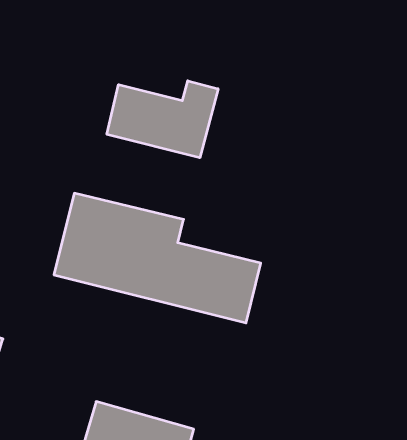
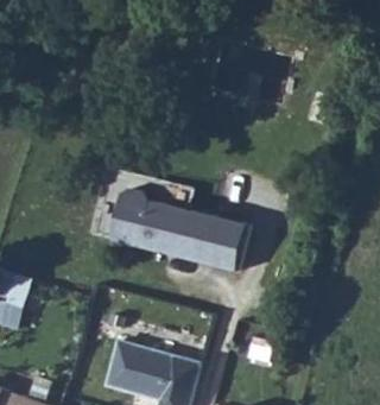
building: [107,81,218,158] -> none

